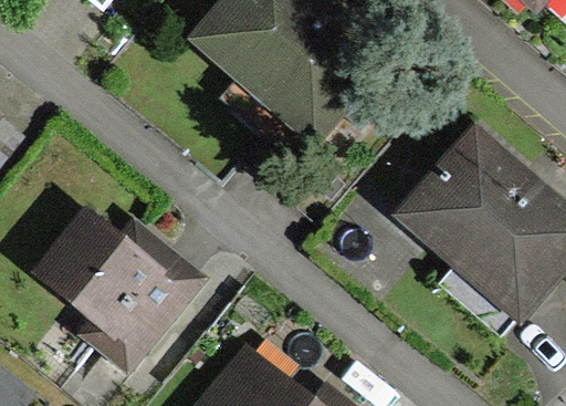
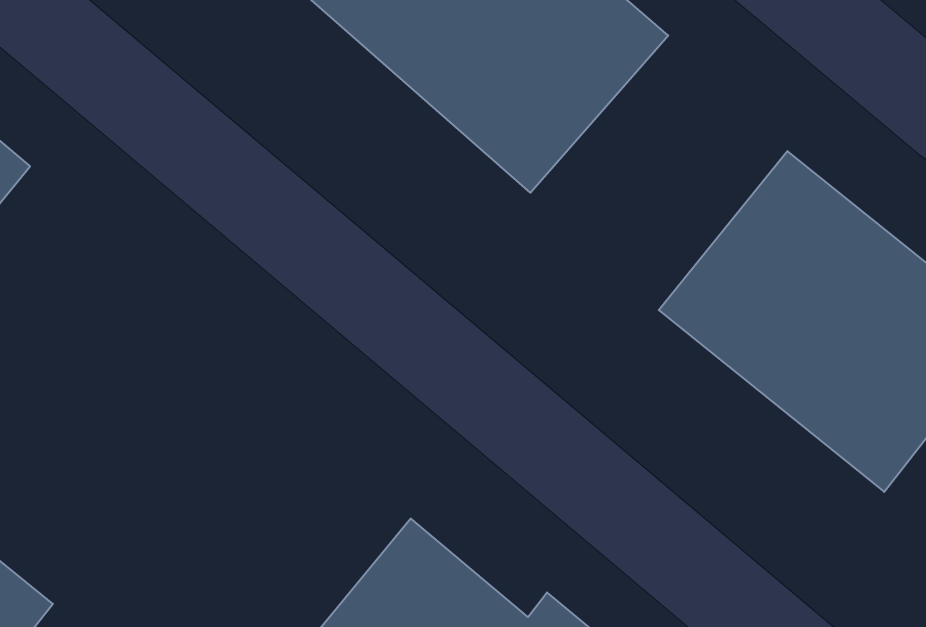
building: [34,210,200,371] -> none

